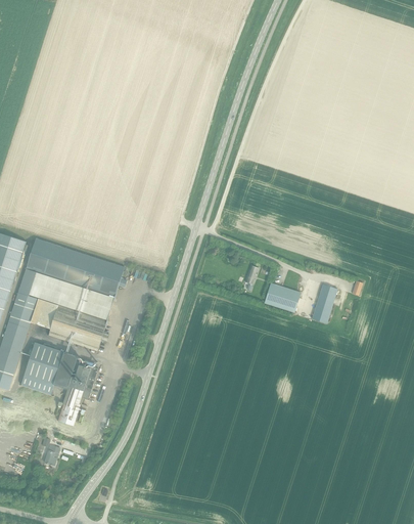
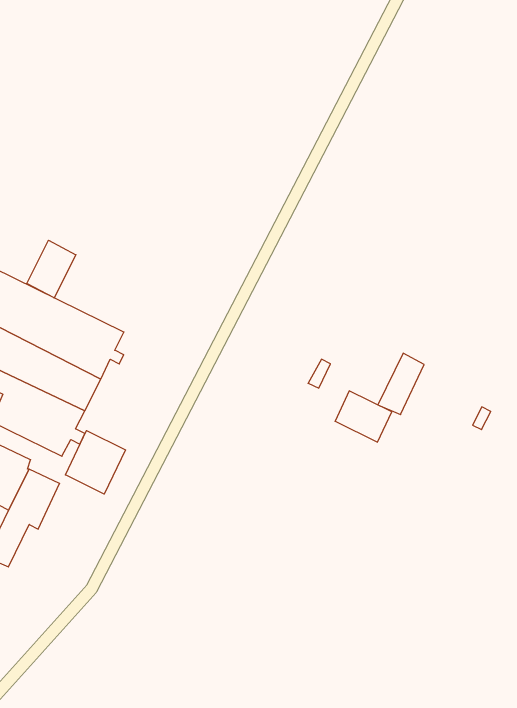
building: none -> [27,240,76,298]
building: [311,283,336,322] -> [378,353,424,415]
building: none -> [65,431,125,494]

